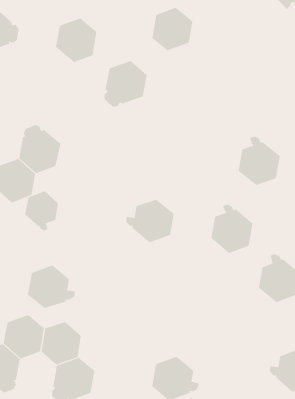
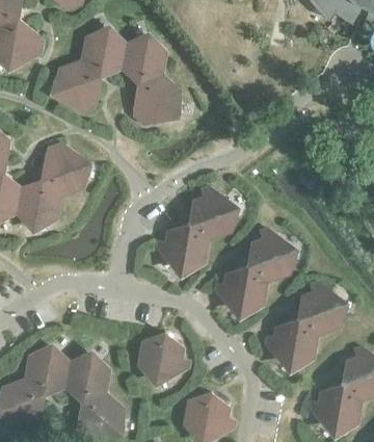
building: [152,7,193,51] -> [122,36,166,83]
building: none -> [55,60,101,113]
building: [238,136,280,185] -> [189,186,235,239]
building: [24,190,59,231] -> none
building: none -> [215,265,267,313]
building: [27,265,76,309] -> [138,333,190,380]
building: none -> [265,318,318,366]

